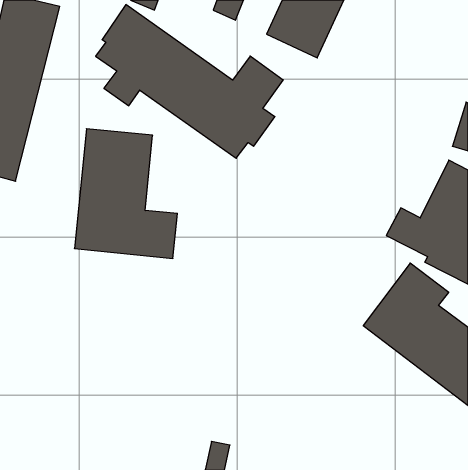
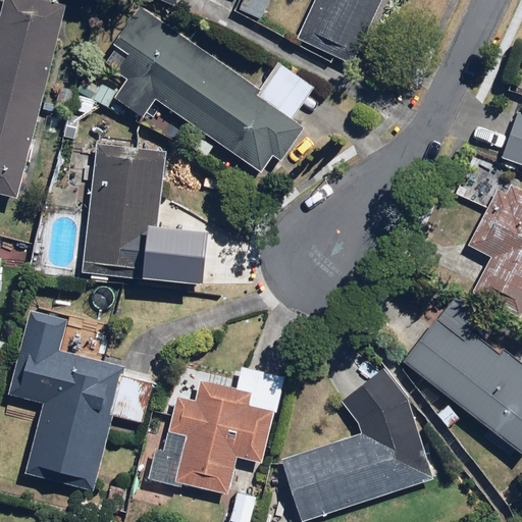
building: none -> [7,312,150,479]
building: none -> [280,366,431,517]
building: none -> [151,368,279,498]

